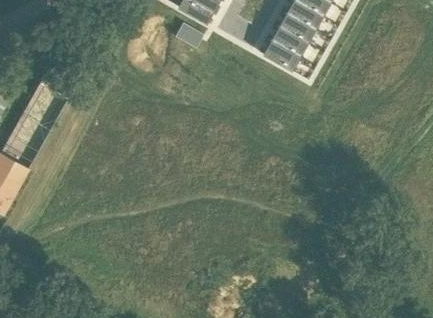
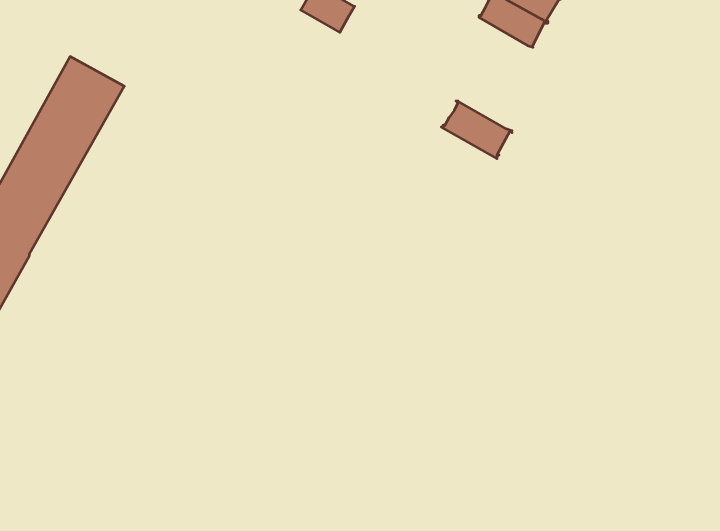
building: [262,40,300,71] -> [441,101,512,159]

